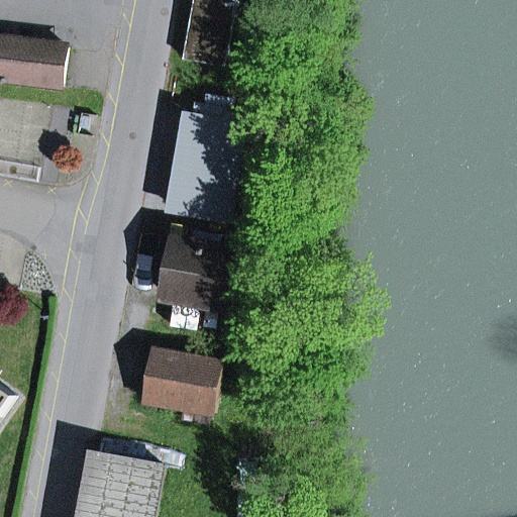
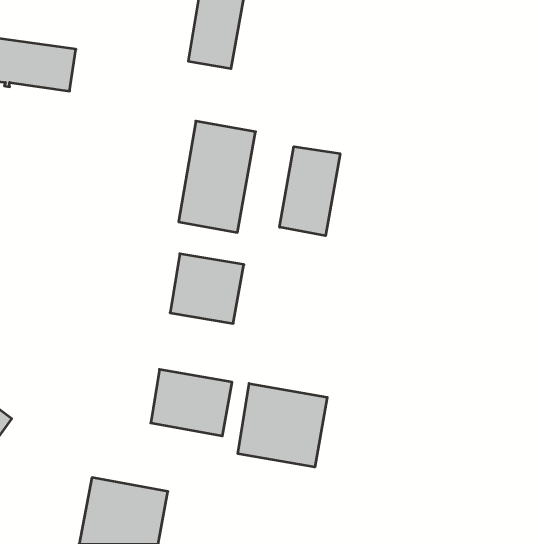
building: none -> [280,147,340,236]
building: none -> [238,383,327,467]

